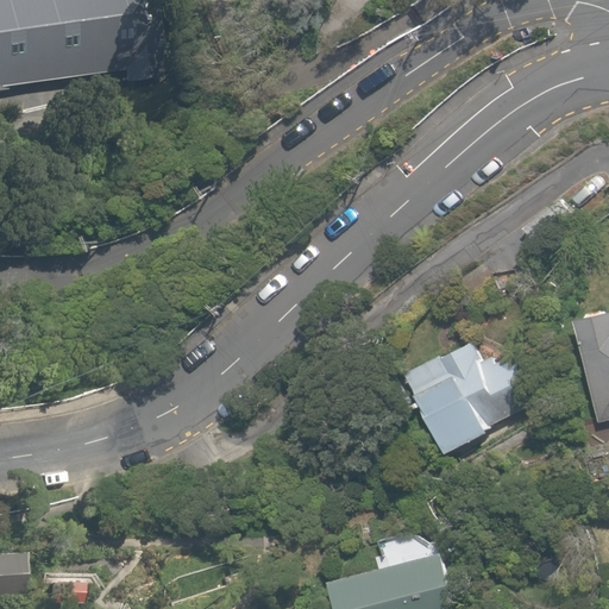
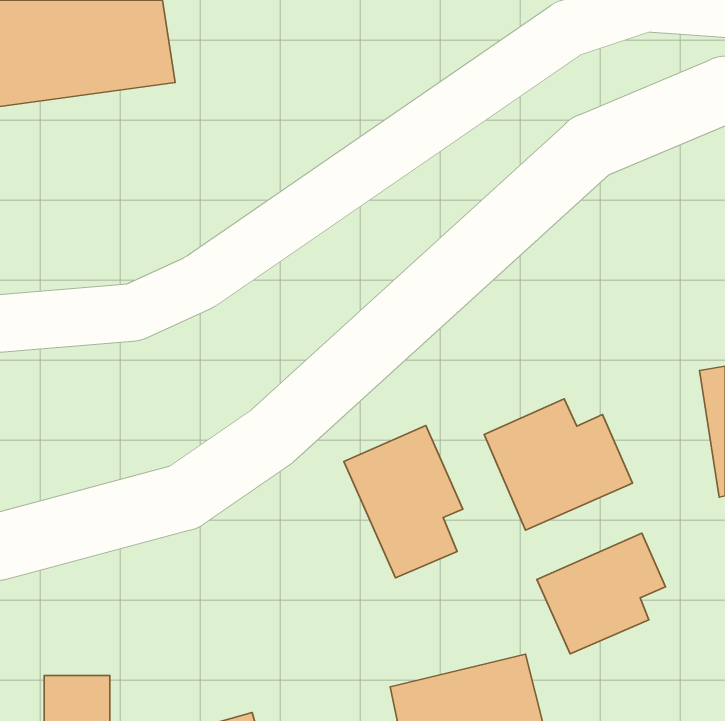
building: none -> [344,425,463,578]
building: none -> [537,533,665,654]

